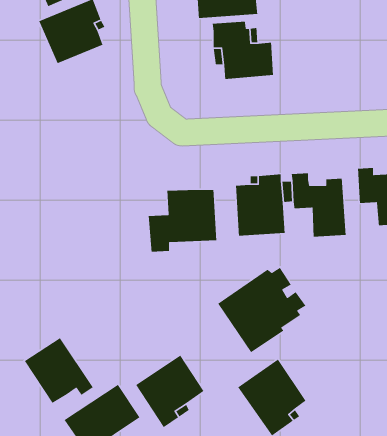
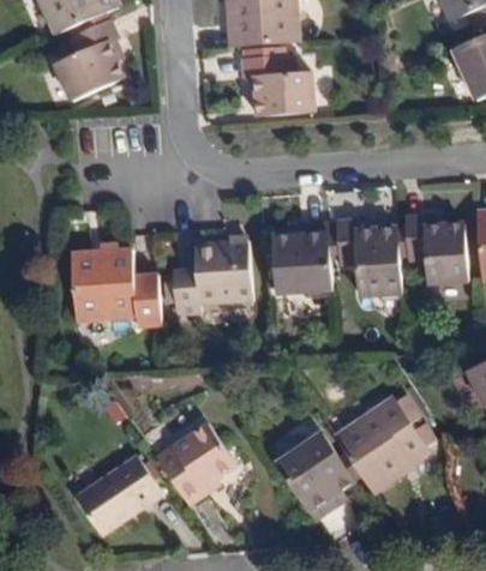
building: none -> [70,246,158,323]
building: [217,267,306,353] -> [335,395,437,493]
building: [24,337,94,404] -> none

